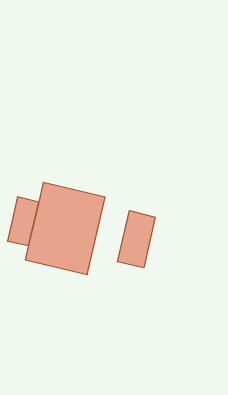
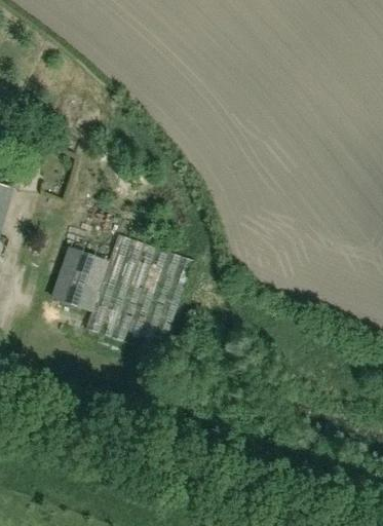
building: [118,211,155,268] -> none

